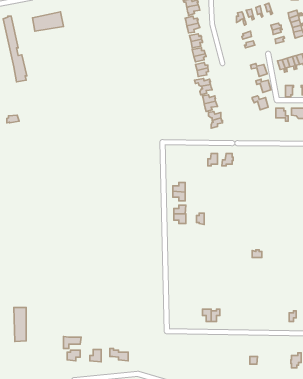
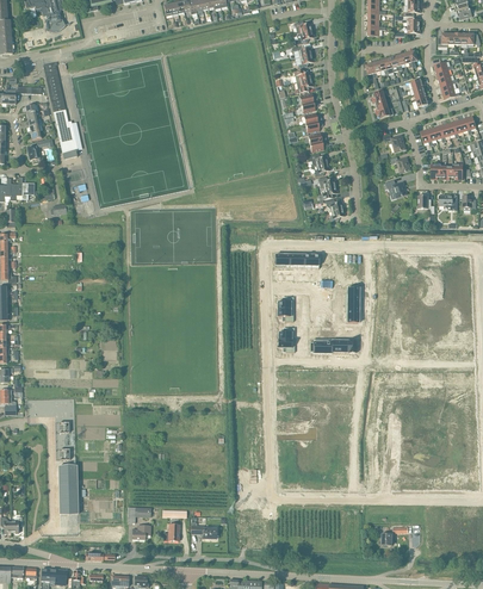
building: [33,12,64,31] -> none

